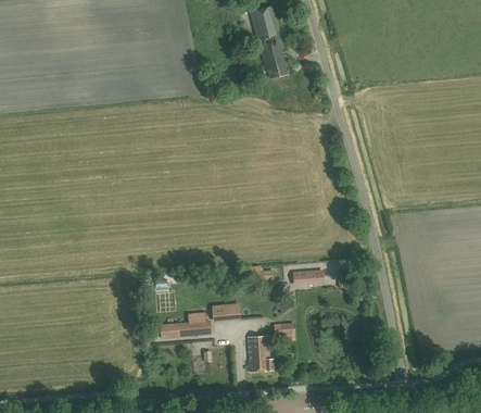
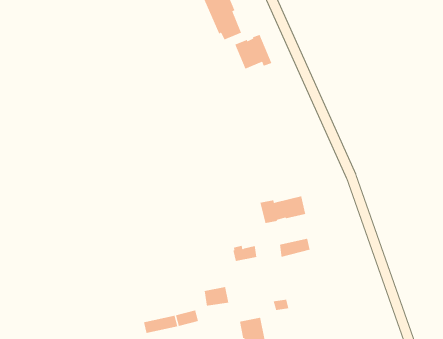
building: none -> [235,34,272,70]
building: none -> [260,196,306,224]

